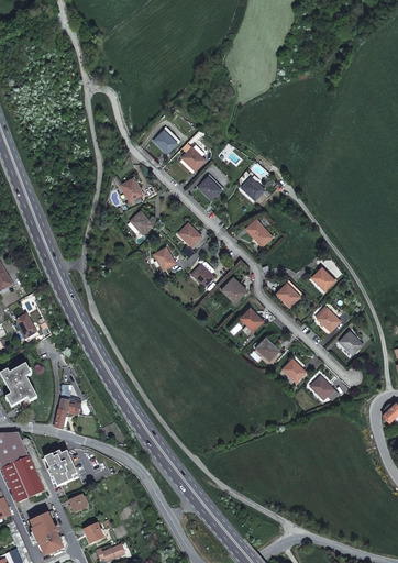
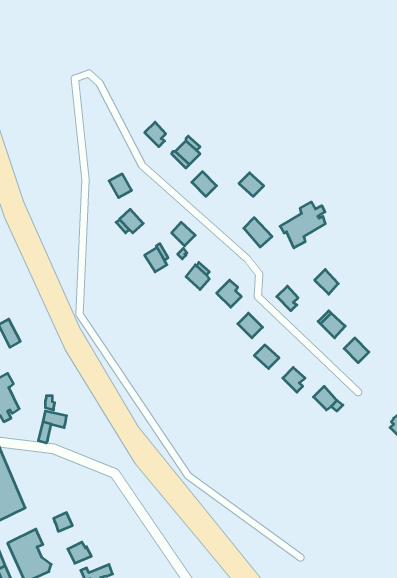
building: none -> [280,202,325,248]
building: [44,451,76,485] -> none

